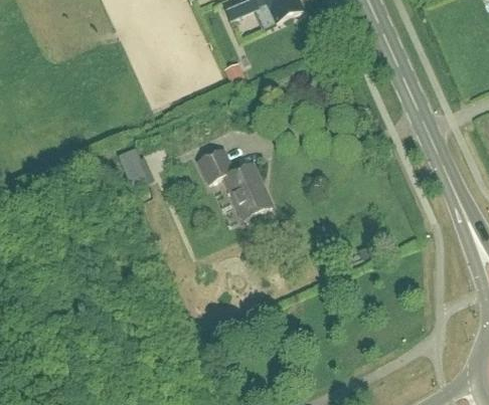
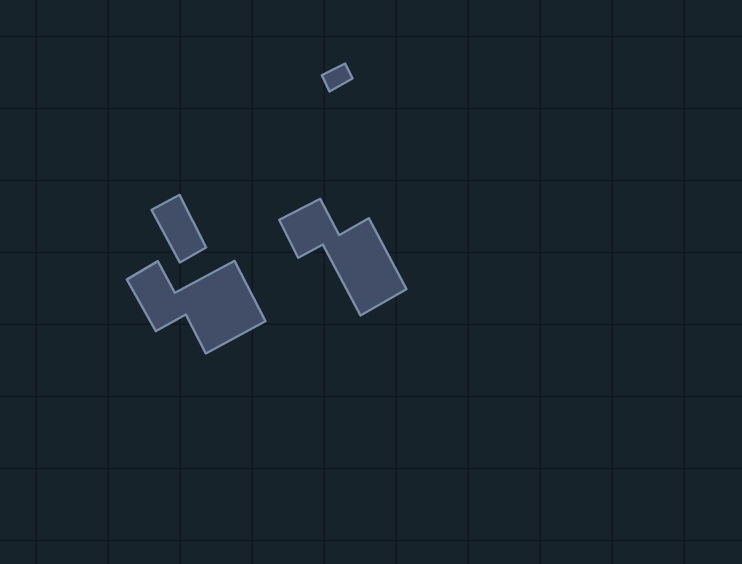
building: none -> [127,261,266,353]

